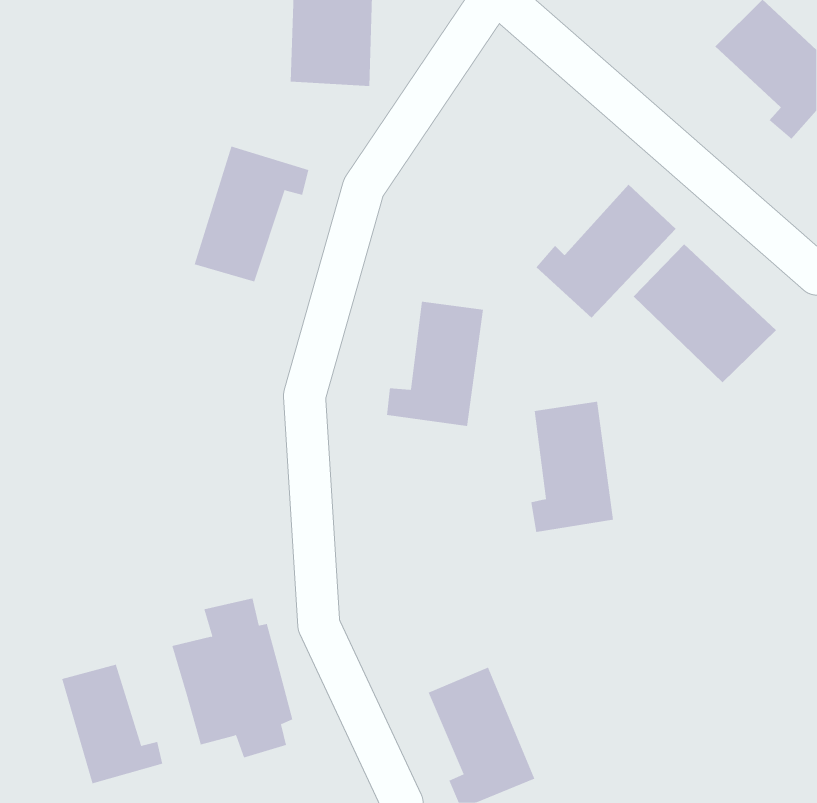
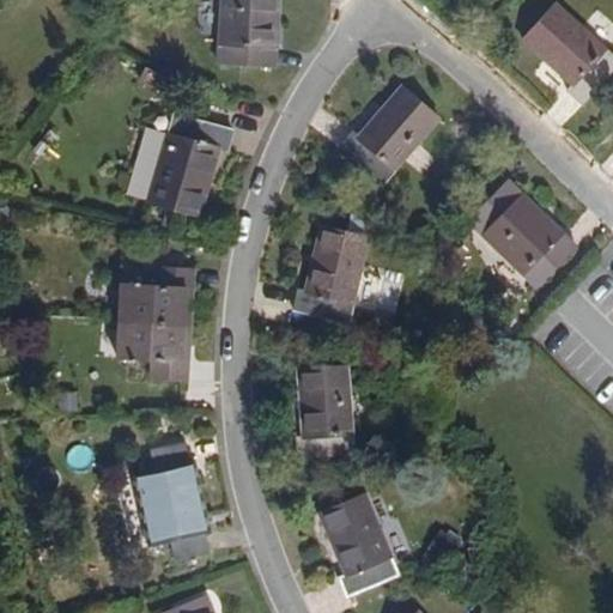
building: [536,184,676,319] -> [334,80,439,181]
building: none -> [113,272,196,390]
building: [531,401,614,533] -> [295,365,357,463]
building: [61,664,163,784] -> none

